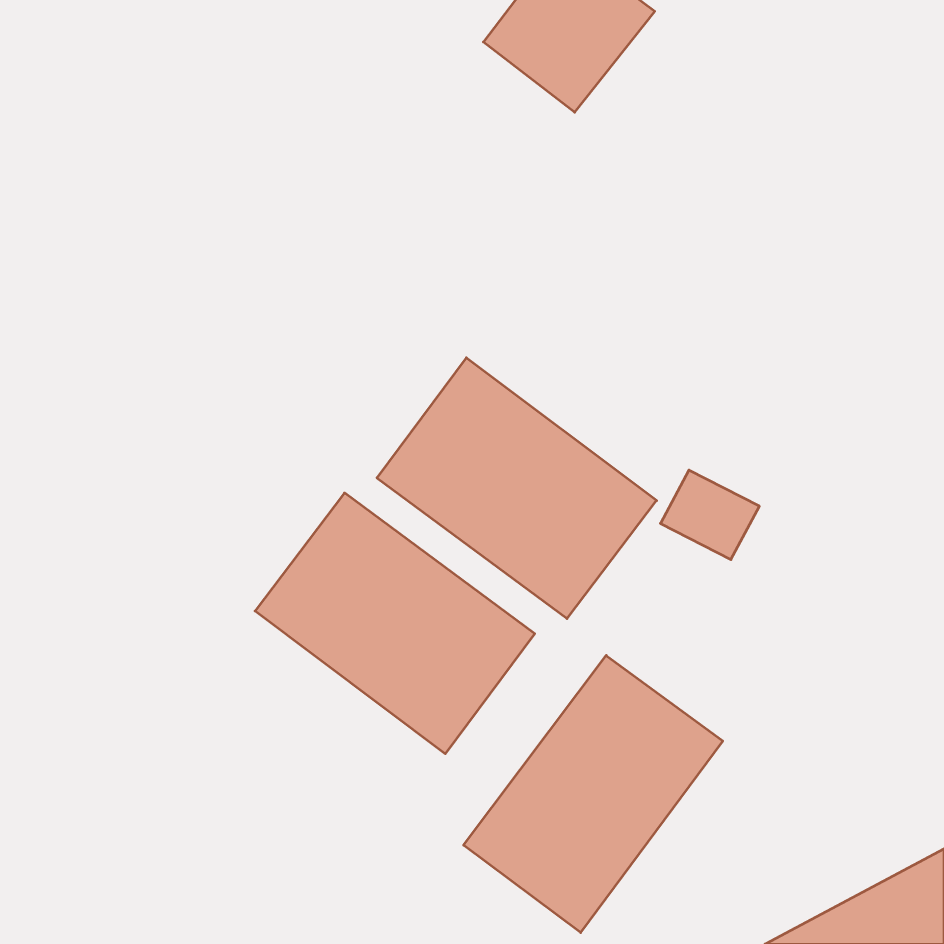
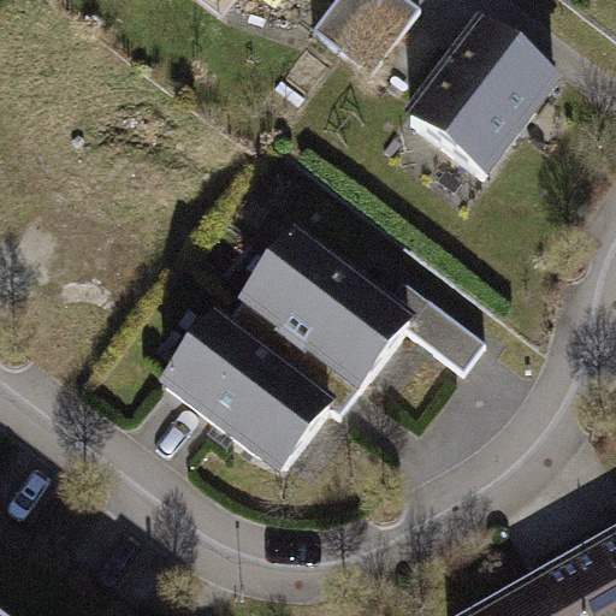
building: none -> [407,18,563,174]
building: [464,655,723,933] -> none

